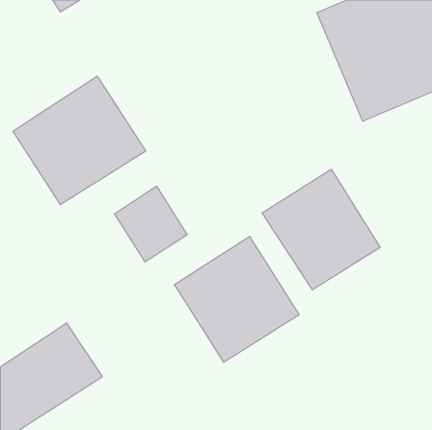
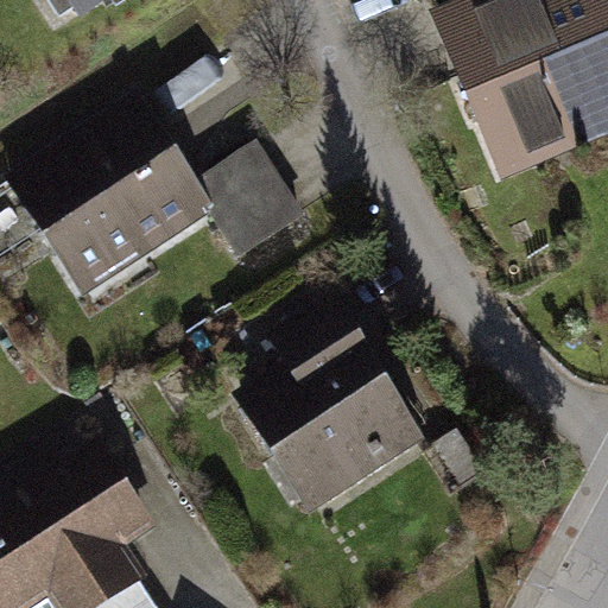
building: [262,169,380,290] -> none
building: [114,186,187,262] -> [201,154,303,260]

